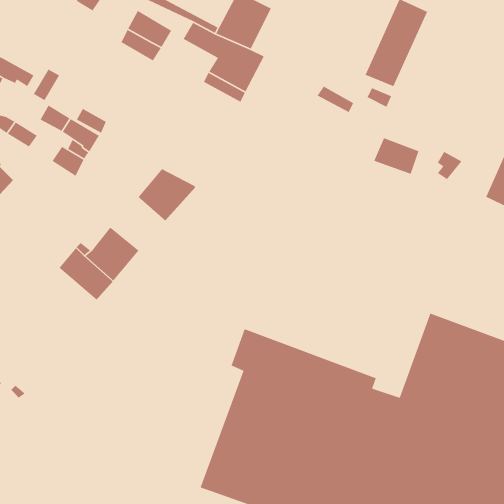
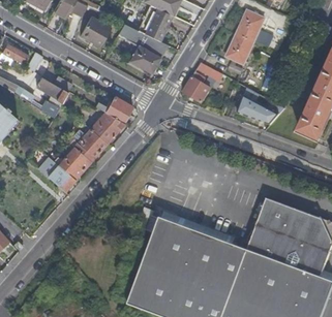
building: none -> [183,71,211,101]
building: none -> [95,96,132,122]
building: none -> [65,129,107,161]

